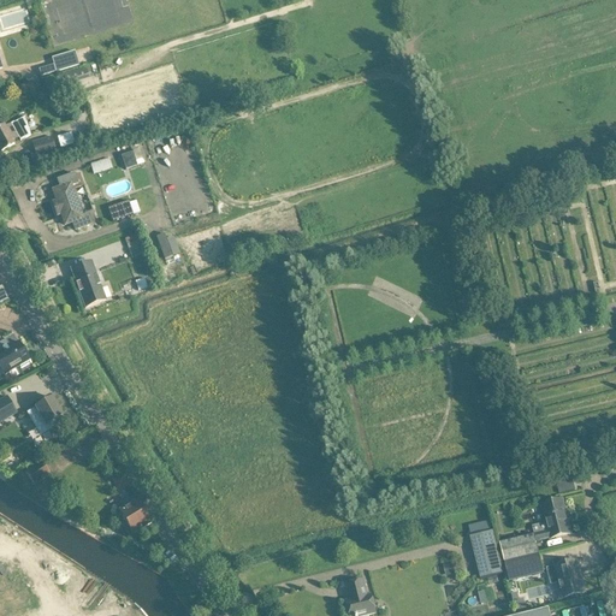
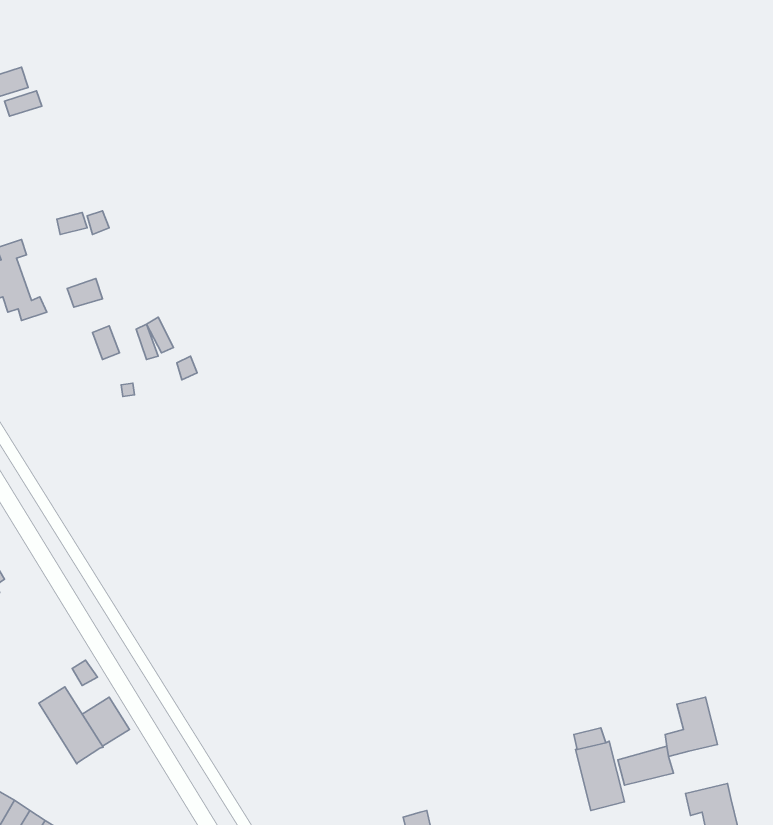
building: [71,259,106,306] -> none
building: none -> [39,687,103,764]
building: [504,551,544,579] -> none

